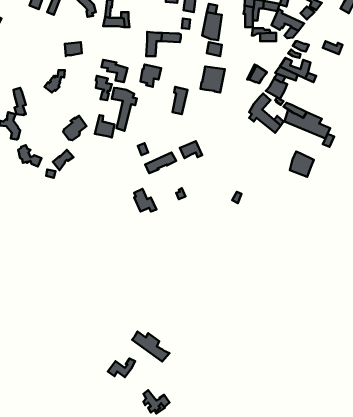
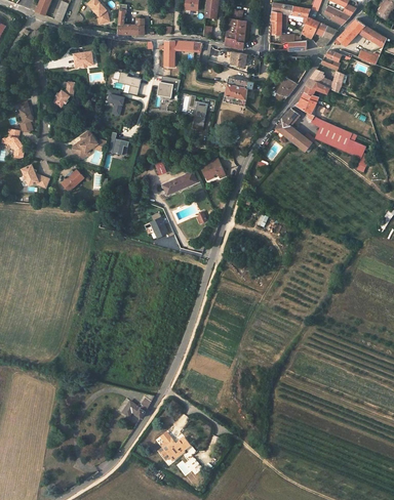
building: none -> [334,18,386,47]
building: [112,88,137,131] -> none
building: [290,151,314,177] -> none
building: [132,332,169,362] -> none

